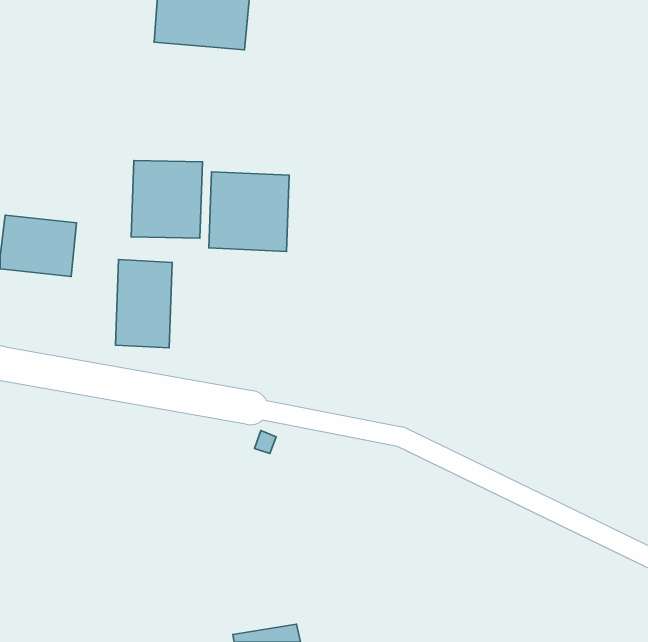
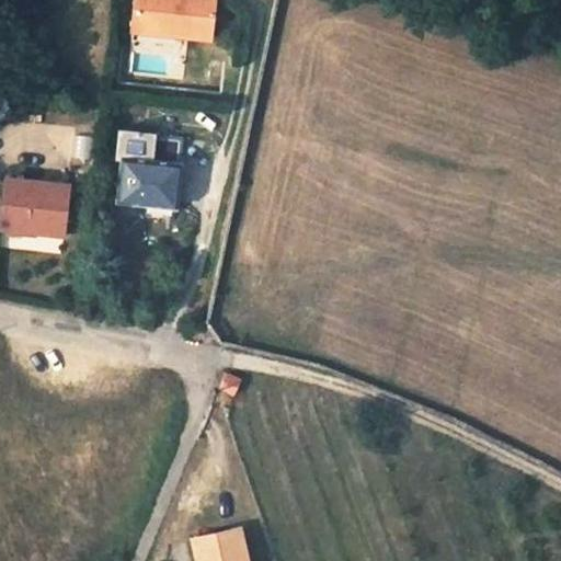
building: [209,172,289,252] -> none
building: [116,260,172,348] -> none

